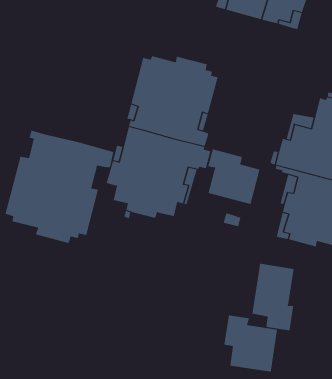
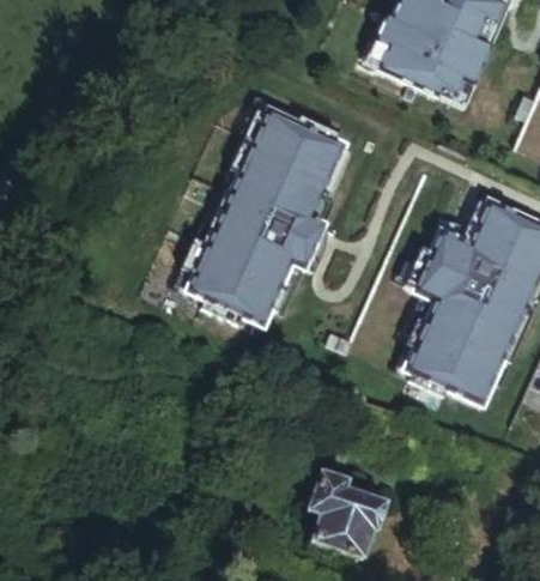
building: [5,130,114,244] -> none
building: [208,149,260,205] -> none
building: [252,263,294,331] -> none

